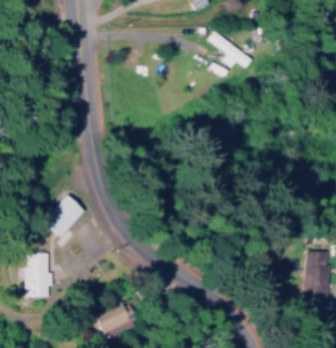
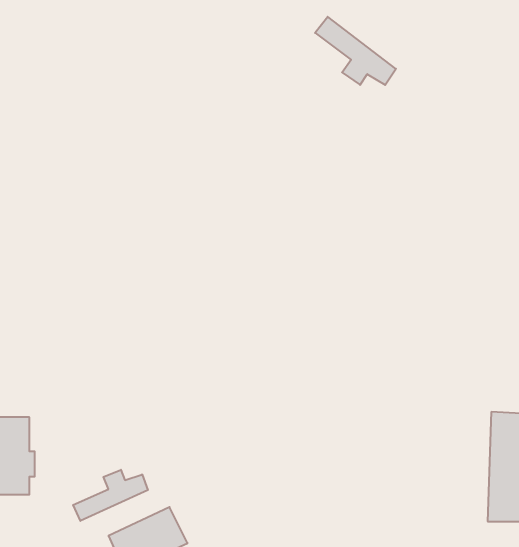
building: [42,196,83,237] -> none
building: none -> [73,470,148,521]

